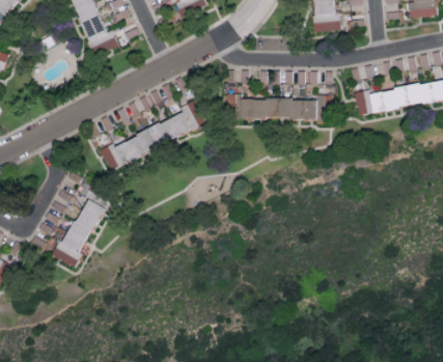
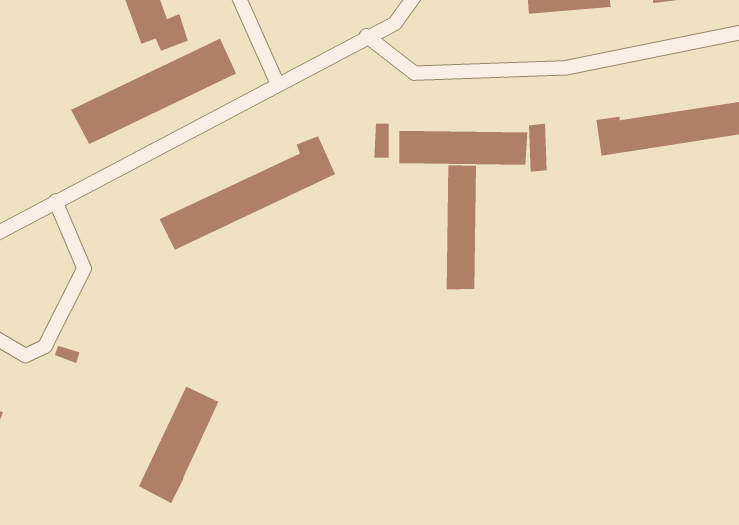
building: none -> [70,37,237,145]
building: none -> [446,164,477,290]
building: [55,198,103,268] -> [138,385,220,504]

